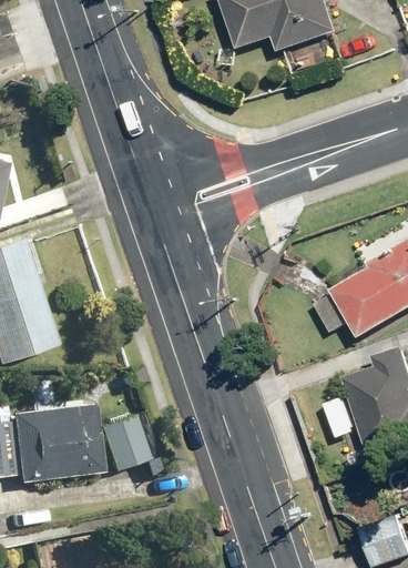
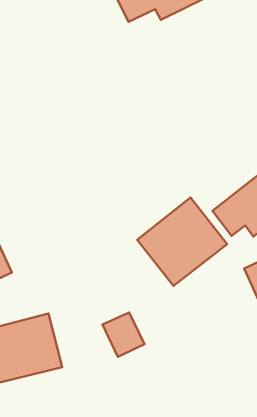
building: none -> [137,197,227,286]
building: [94,416,144,470] -> [102,313,144,357]

